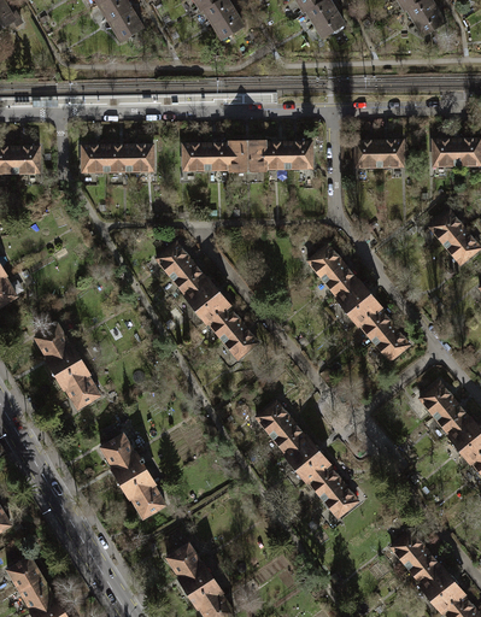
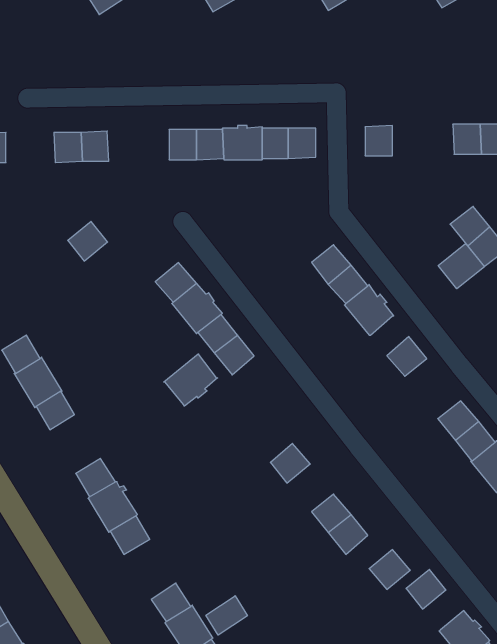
building: [379,140,403,166] -> none
building: [128,145,153,171] -> none
building: [156,242,190,277] -> [68,221,108,261]
building: none -> [438,244,484,289]
building: [359,307,393,342] -> none
building: none -> [164,354,218,406]
building: [256,401,291,436] -> none
building: [285,436,328,481] -> none
building: [405,548,441,583] -> [369,550,410,589]
building: none -> [206,596,247,635]

